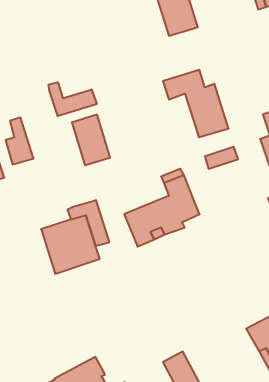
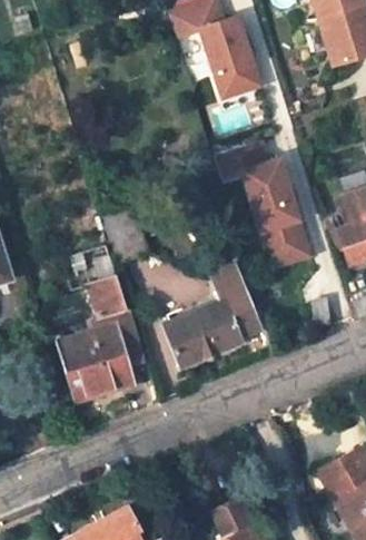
building: [49,82,97,116] -> none
building: [6,117,34,165] -> [90,255,126,315]
building: none -> [259,215,304,251]

